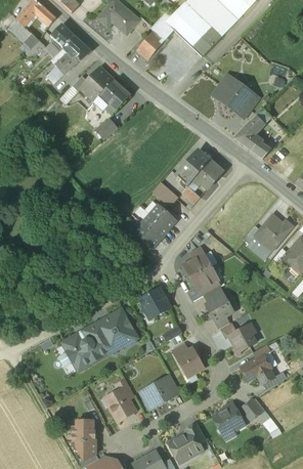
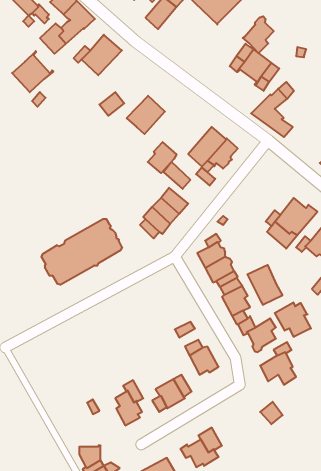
building: none -> [243,16,274,53]
building: [95,80,130,115] -> [127,96,165,134]
building: none -> [12,51,53,92]
building: none -> [148,142,177,173]
building: none -> [247,265,282,305]
building: [139,289,169,316] -> none
building: none -> [275,302,311,337]
building: [62,310,136,370] -> [41,219,122,285]
building: [213,403,244,433] -> none
building: [72,420,93,440] -> none

